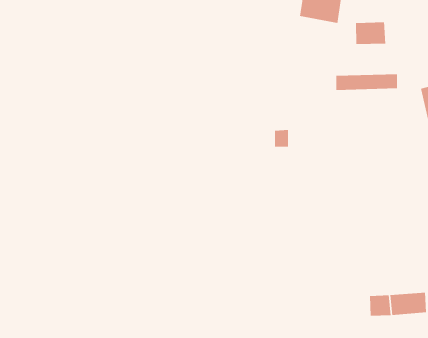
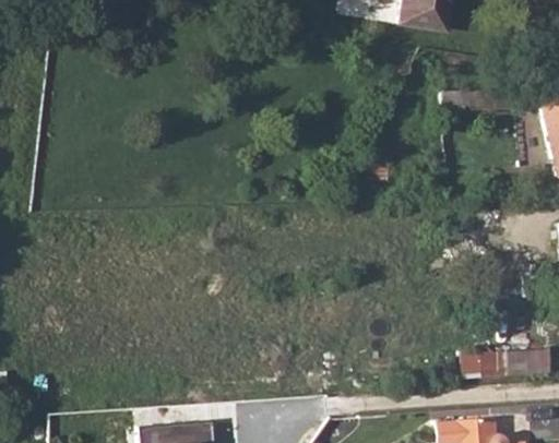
building: [356,22,386,45] -> none

